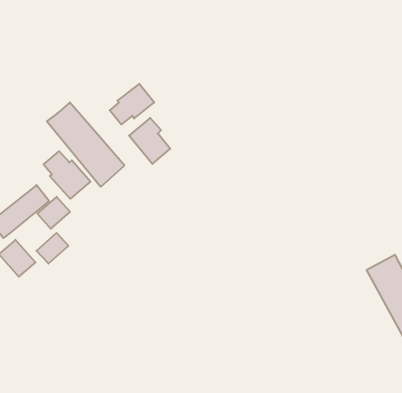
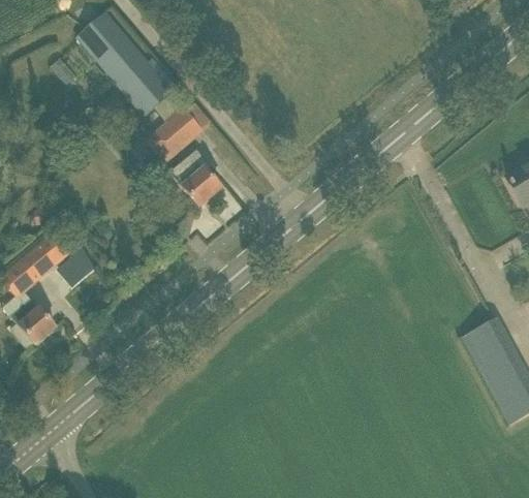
building: [47,102,124,187] -> [77,12,173,116]
building: [44,151,90,199] -> none
building: [36,233,68,264] -> none

